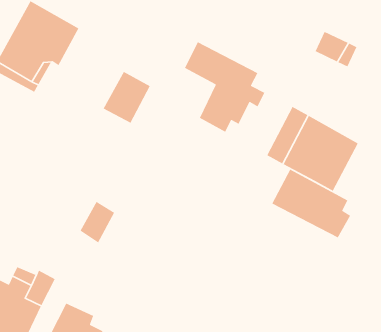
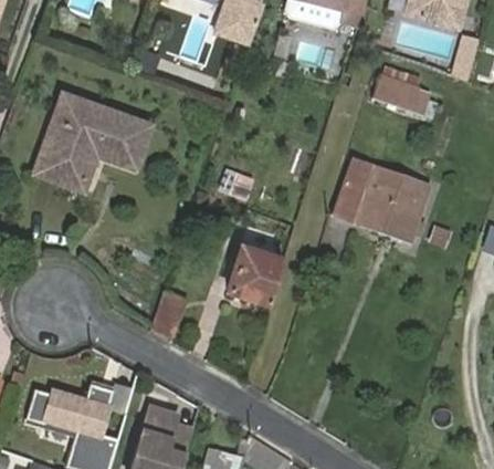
building: [184,41,266,133] -> none
building: [103,71,151,124] -> [103,115,149,169]
building: [271,169,351,238] -> none
building: none -> [229,248,283,302]

